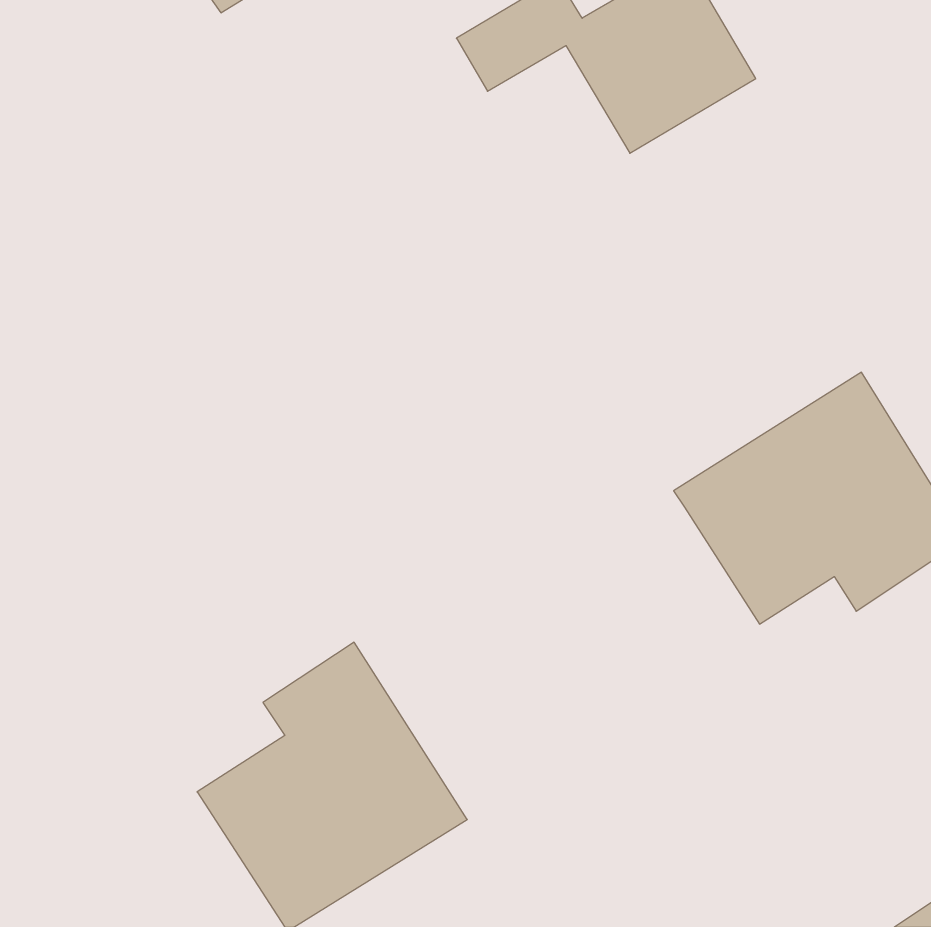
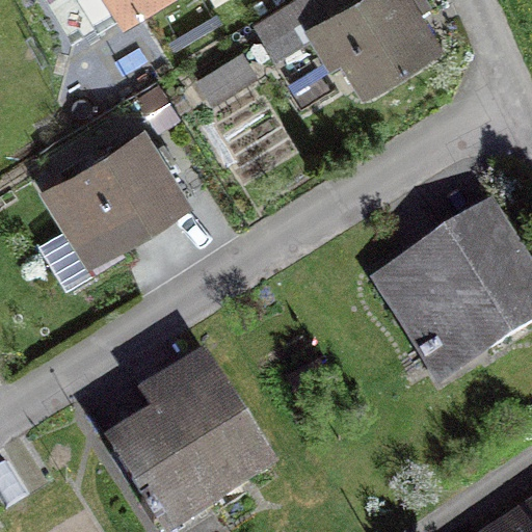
building: none -> [51,135,184,258]

